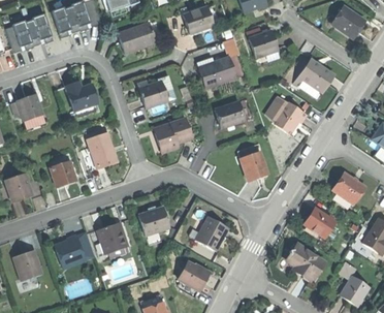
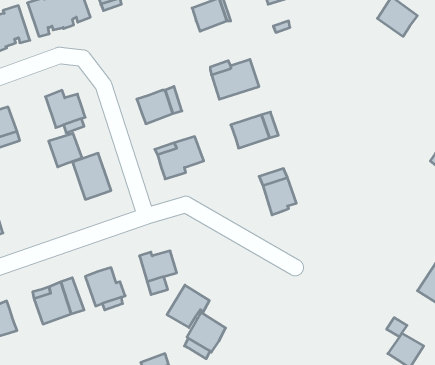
building: [118,22,156,53] -> none
building: [248,30,278,57] -> none
building: [293,58,330,97] -> none
building: [271,101,306,133] -> none
building: [50,160,76,187] -> [49,133,82,167]
building: [337,173,367,204] -> none
building: [307,208,338,238] -> none
building: [195,215,229,249] -> [167,285,209,328]
building: [287,244,325,281] -> none

